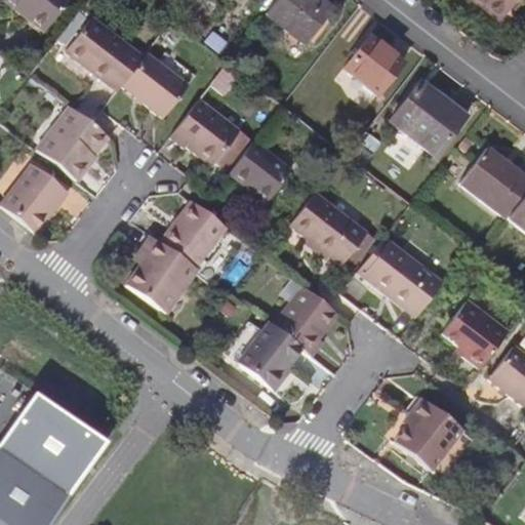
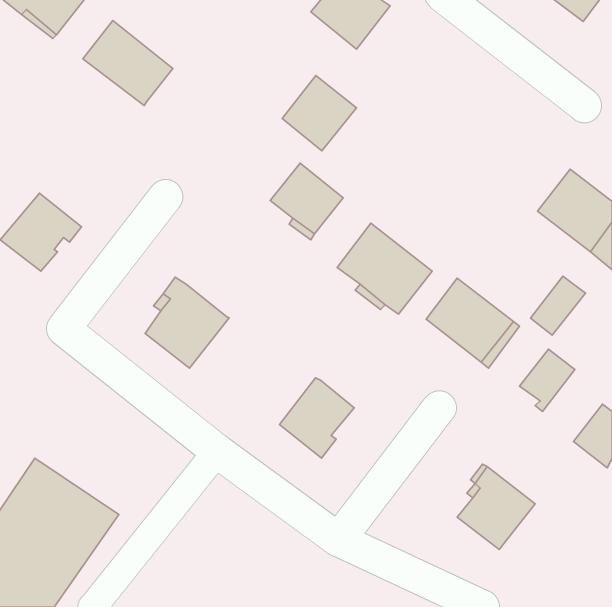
building: [342,32,404,92] -> none
building: [125,52,193,119] -> none
building: [389,78,466,154] -> none
building: [173,97,237,162] -> [282,75,357,151]
building: [39,111,111,183] -> none
building: [159,201,227,271] -> none
building: [274,287,337,355] -> none
building: [463,316,511,366] -> [530,276,586,335]

